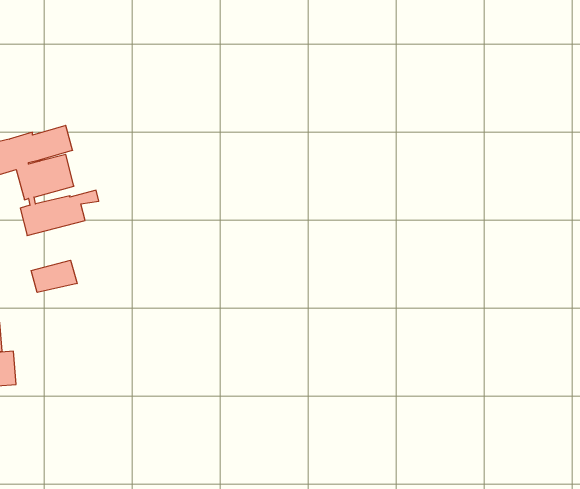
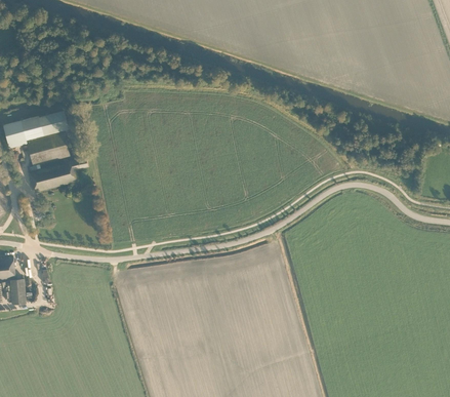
building: [31,260,77,292] -> none

